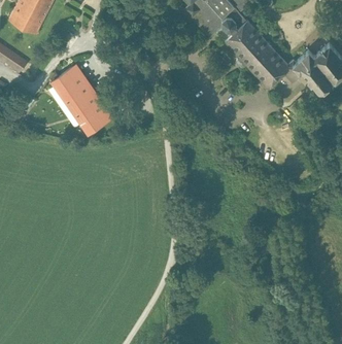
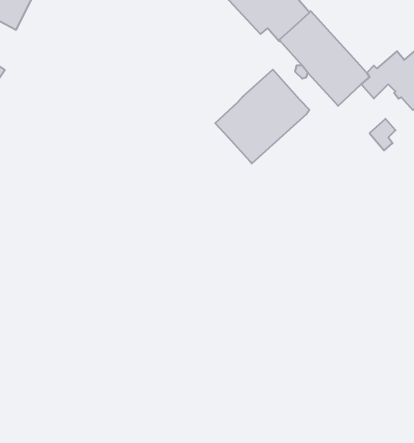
building: none -> [215,70,309,164]
building: [52,65,111,133] -> none

